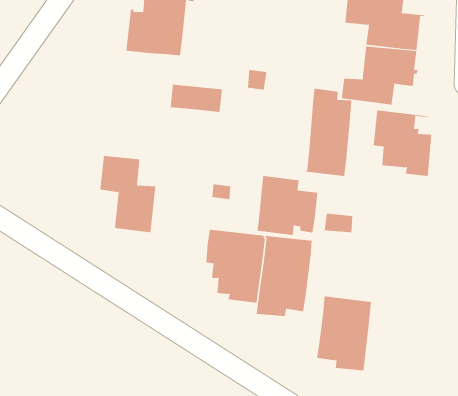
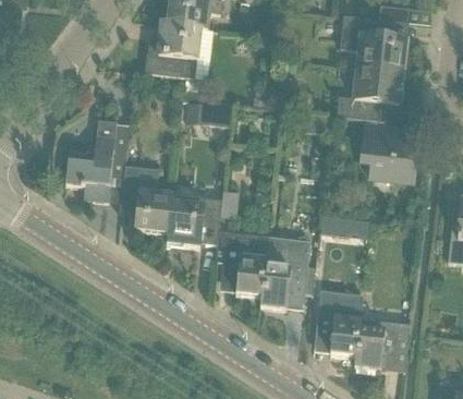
building: [305,88,352,177] -> none
building: none -> [65,119,130,201]
building: [256,175,318,236] -> [167,193,221,246]
building: none -> [354,318,410,368]

